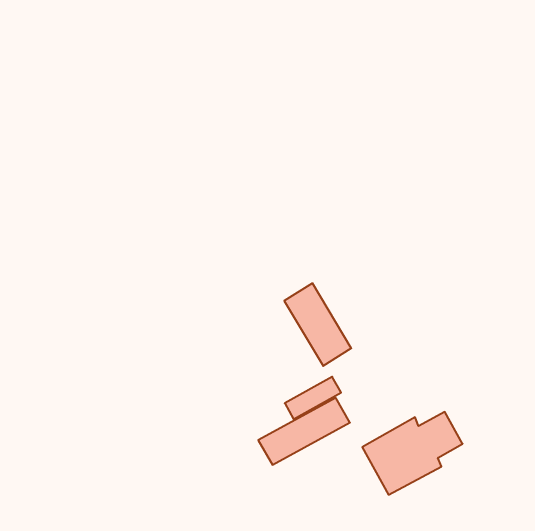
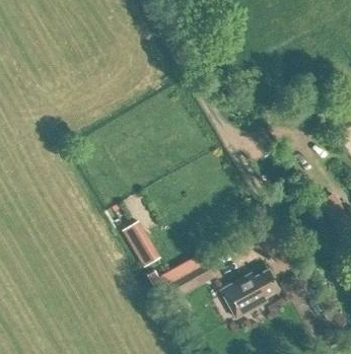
building: [284,283,351,366] -> [123,220,161,268]

